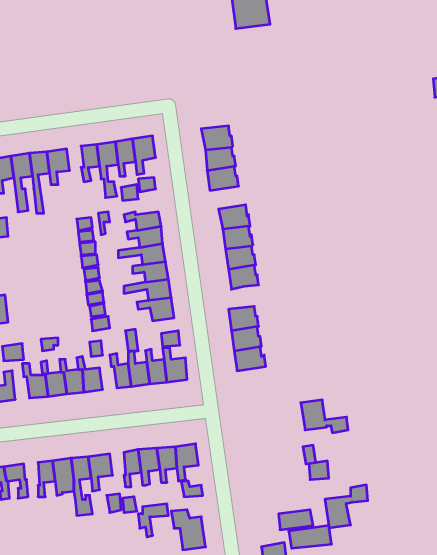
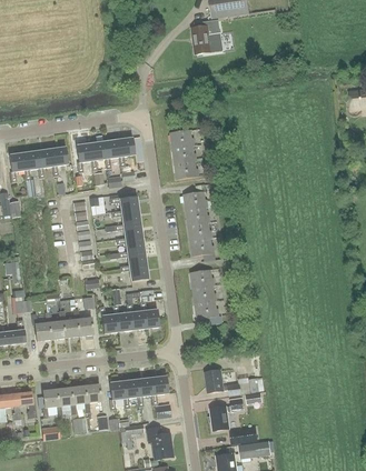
building: [301,400,348,433] -> [204,369,240,394]
building: [325,485,368,528] -> [209,397,243,430]

